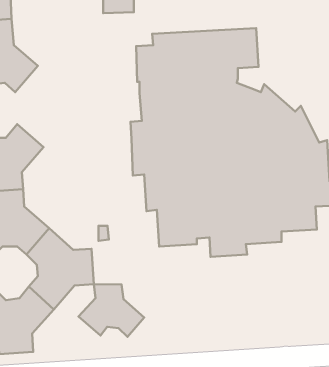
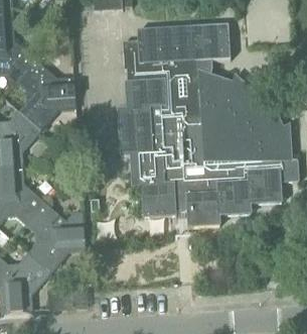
building: none -> [15,59,74,130]
building: [79,284,144,337] -> none

